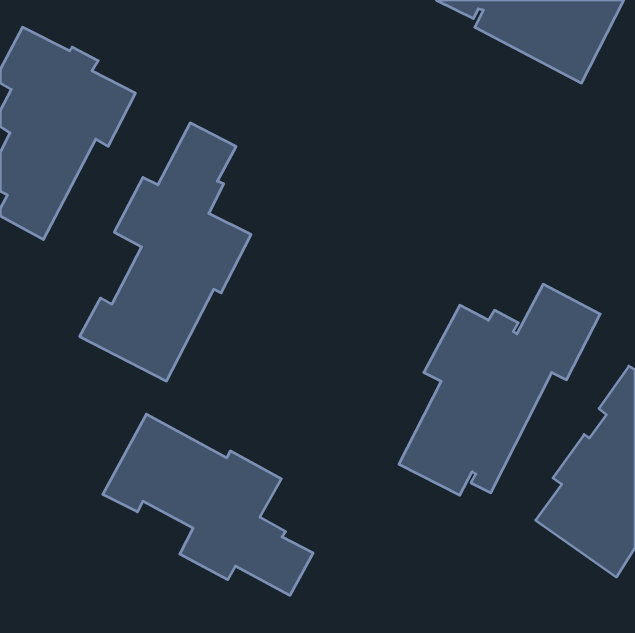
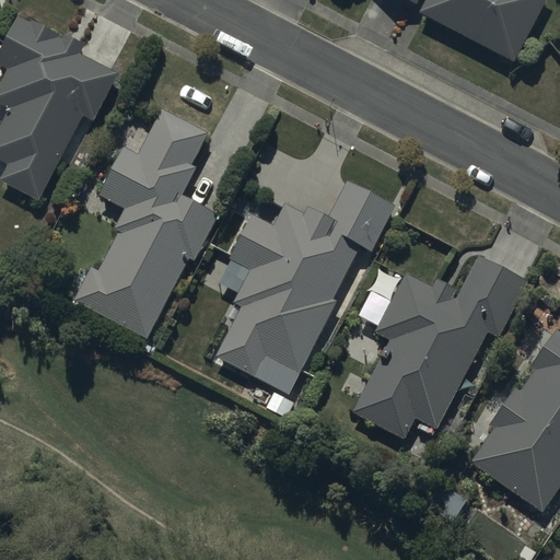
building: none -> [214,177,397,377]
building: [103,414,313,595] -> none

